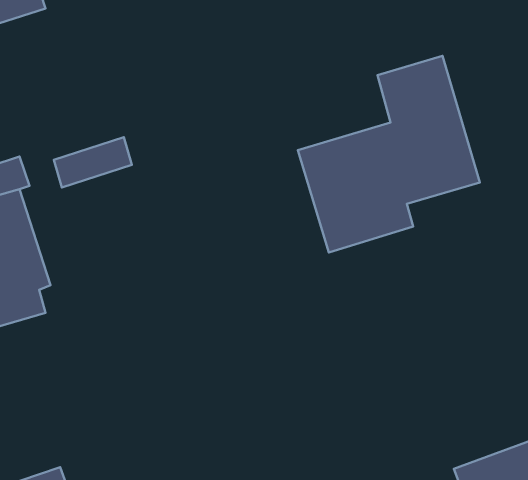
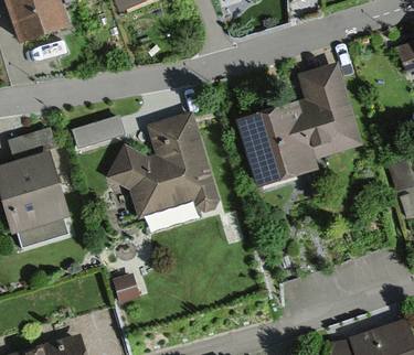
building: none -> [107,112,219,219]

